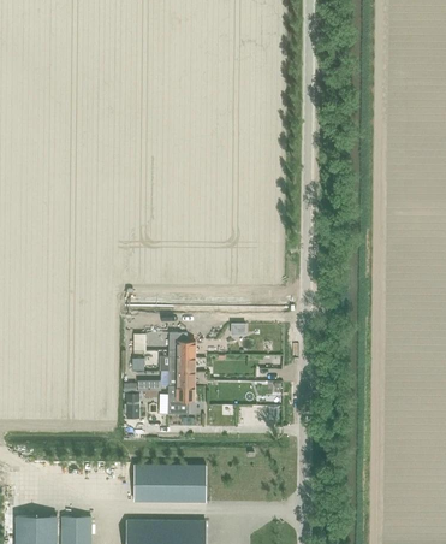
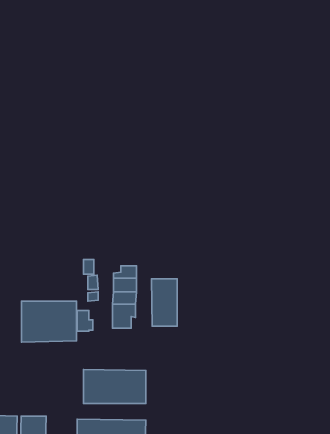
building: none -> [151,279,177,326]
building: none -> [22,301,76,342]

